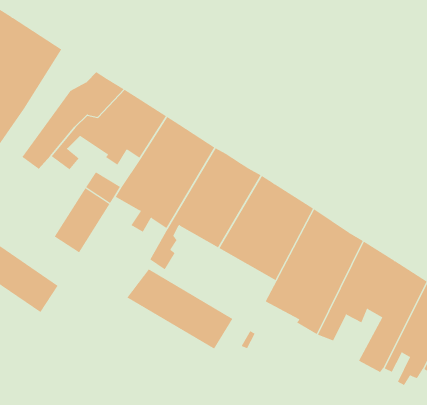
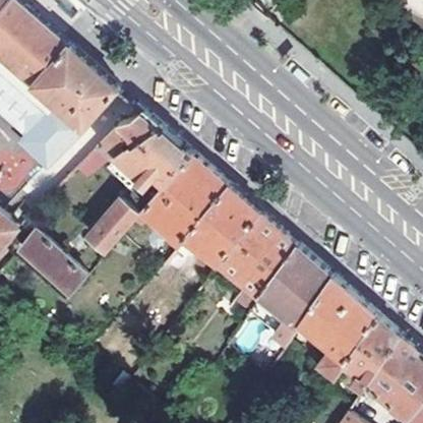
building: [126,269,233,350] -> none

